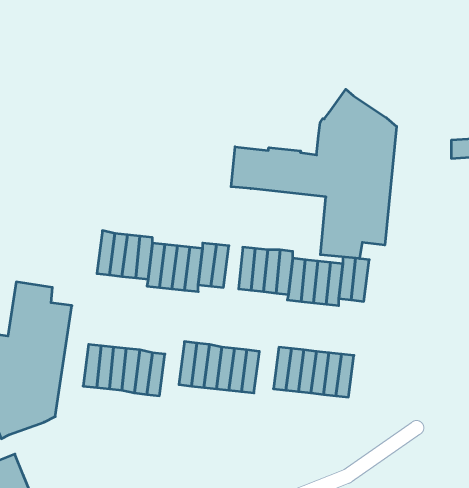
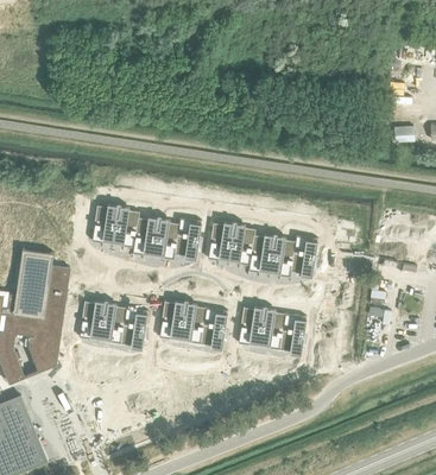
building: [231,89,397,259] -> none

